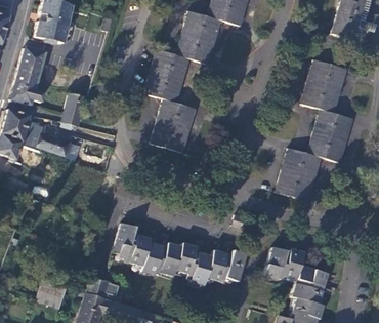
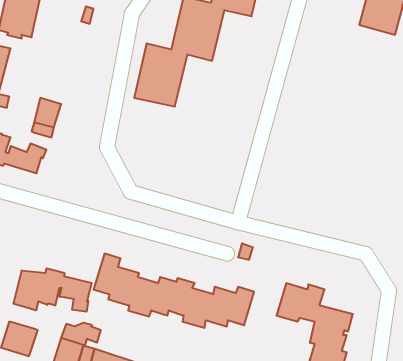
building: [277,58,354,200] -> none
building: [151,97,199,153] -> none
building: none -> [13,268,91,312]

